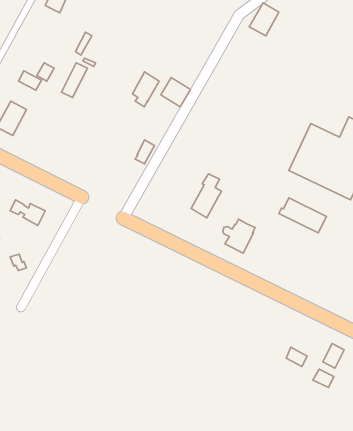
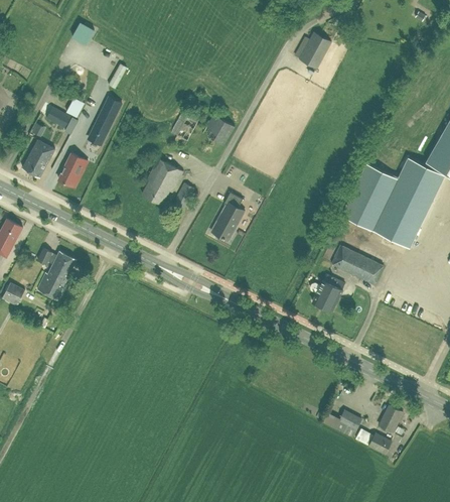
building: none -> [57,153,87,185]
building: none -> [141,158,182,205]
building: [191,174,221,218] -> [210,193,244,241]
building: none -> [36,267,69,300]
building: [223,219,255,253] -> [309,274,344,311]

